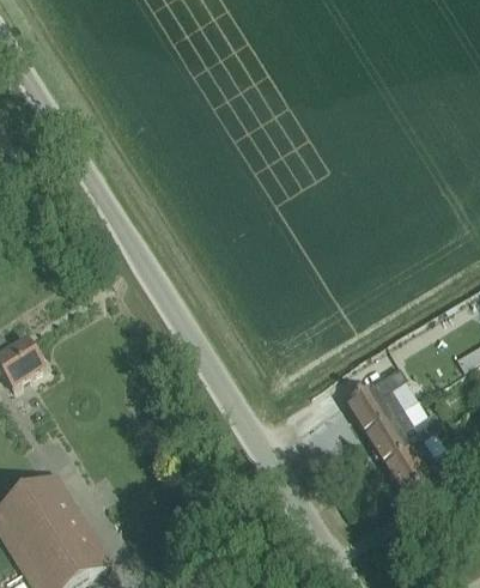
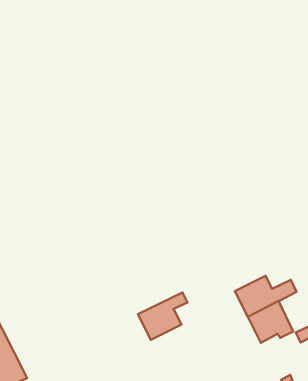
building: [345,366,406,430] -> [138,292,187,340]

